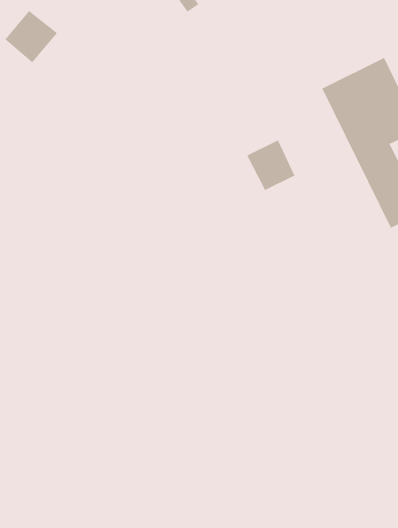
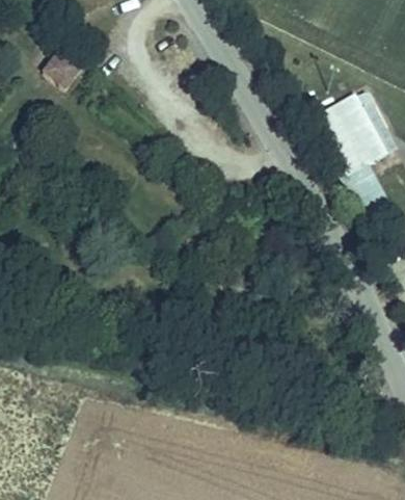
building: [247,140,295,191] -> none

